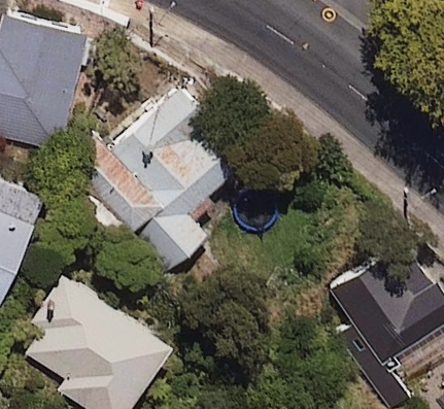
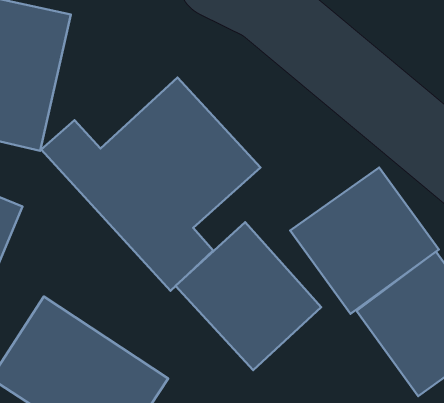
building: none -> [290,167,439,314]
building: none -> [176,222,321,370]

